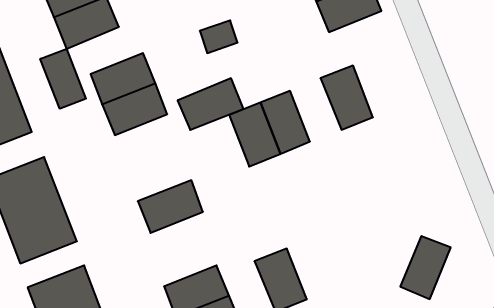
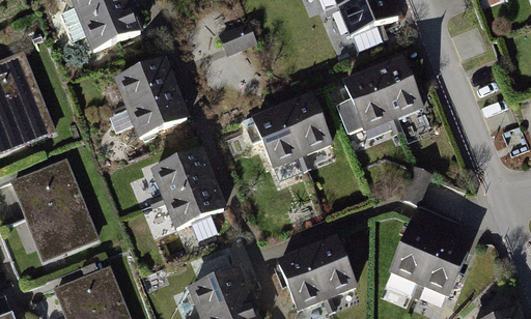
building: [40,49,86,109] -> none
building: none -> [373,57,422,119]
building: [178,78,244,130] -> [148,151,214,202]
building: none -> [390,224,441,286]
building: none -> [308,237,357,298]

